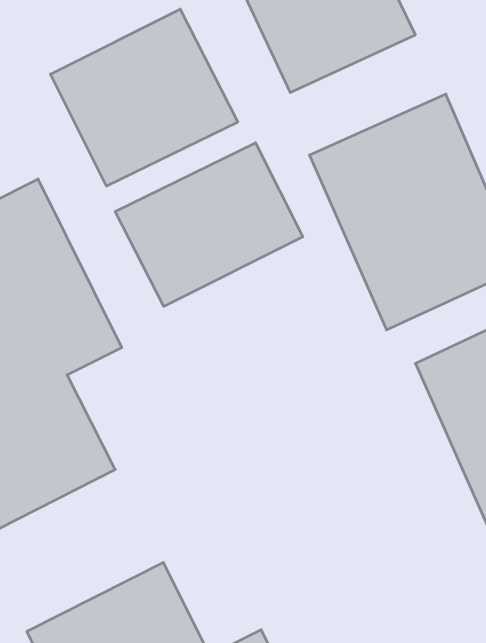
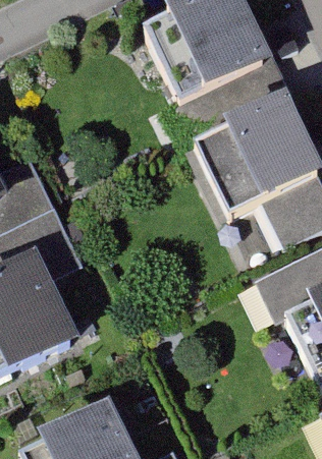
building: [50,9,238,186] -> none
building: [115,143,303,306] -> none

